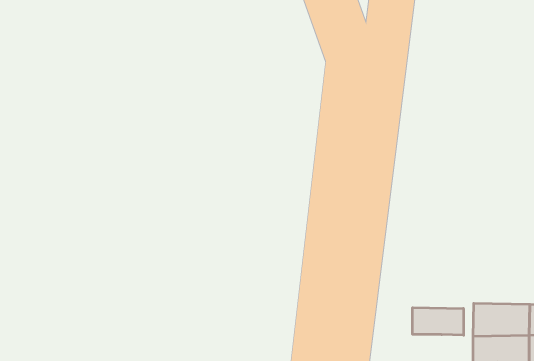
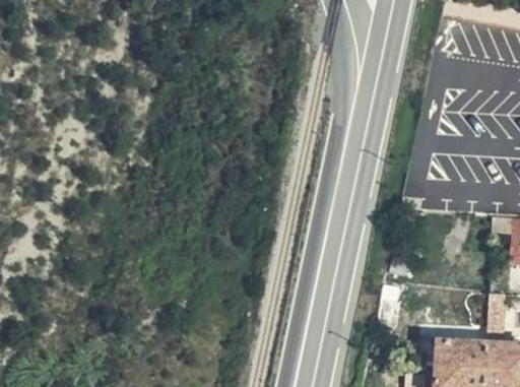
building: [413,308,464,335] -> none

